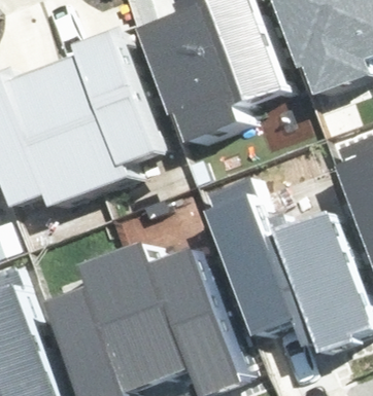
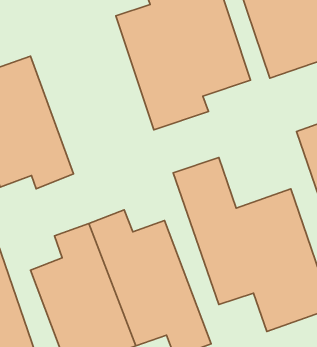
building: [58,31,170,194] -> none

